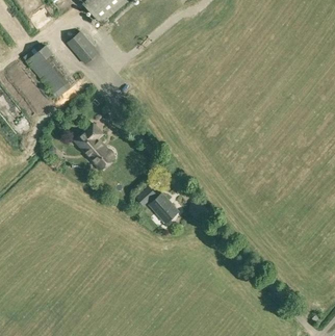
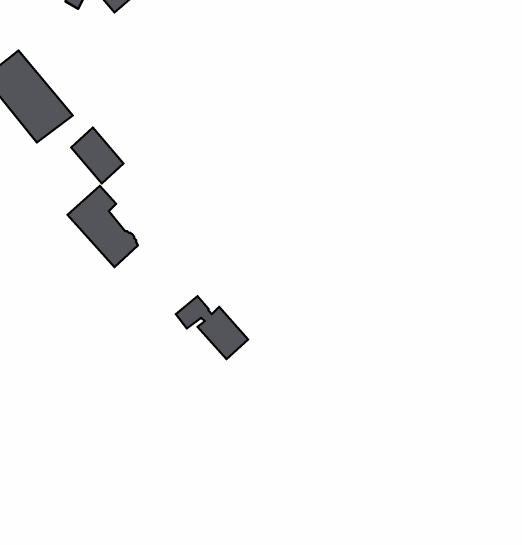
building: [66,30,96,62] -> [71,128,124,183]

